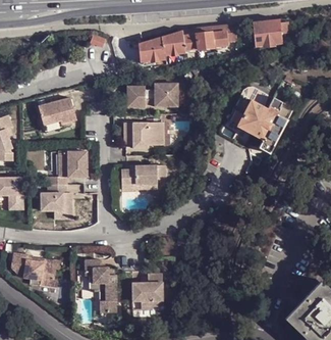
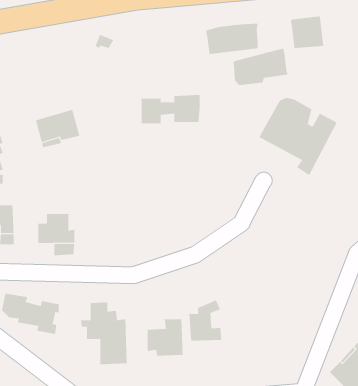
building: [140,31,186,62] -> [233,48,289,85]
building: [124,122,165,148] -> none
building: [59,150,88,177] -> none
building: [122,165,165,189] -> none
building: none -> [189,300,222,341]

